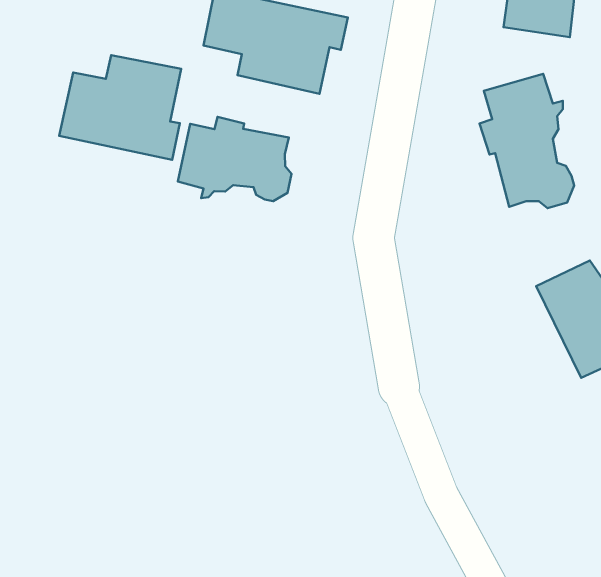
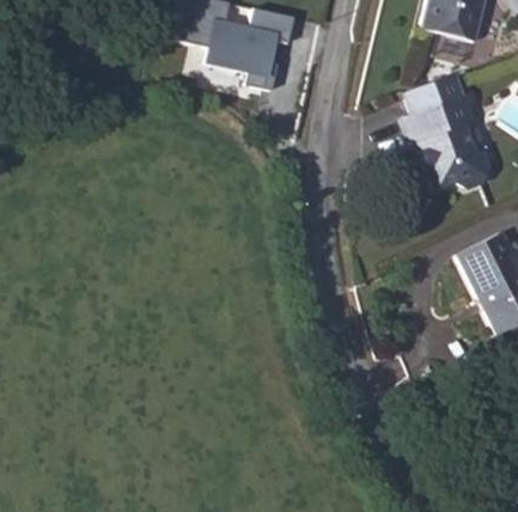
building: [59,55,181,160] -> none
building: [178,117,291,201] -> none

